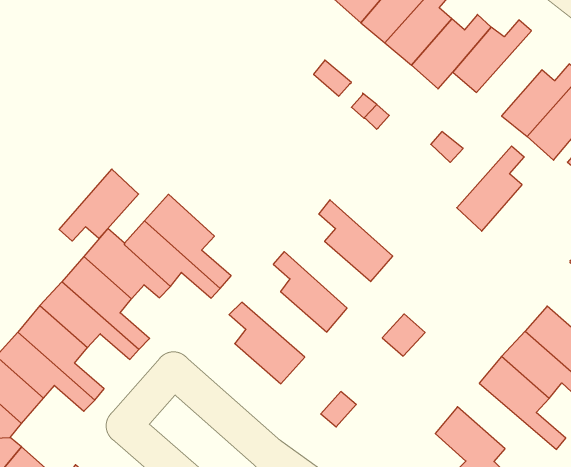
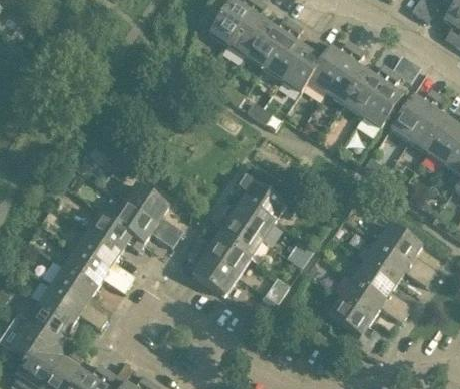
building: [457,146,524,231] -> [326,47,366,104]
building: [59,169,139,241] -> none
building: none -> [215,200,274,241]
building: none -> [192,236,250,276]
building: none -> [340,278,407,322]

